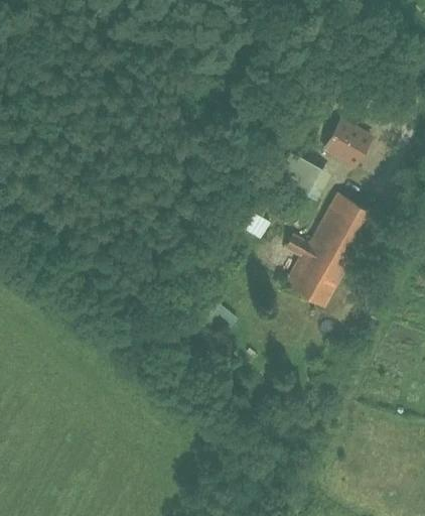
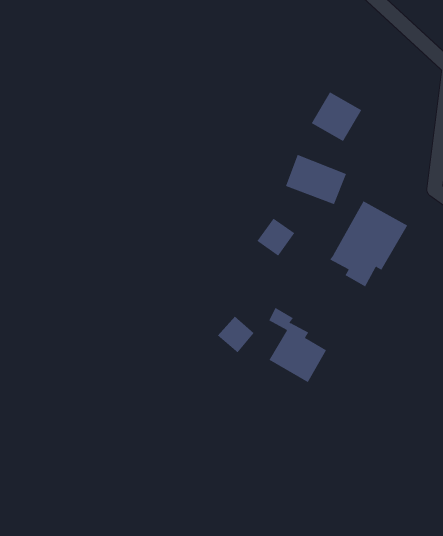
building: [324,119,372,165] -> [311,91,362,142]
building: [285,235,338,304] -> [269,307,327,383]

